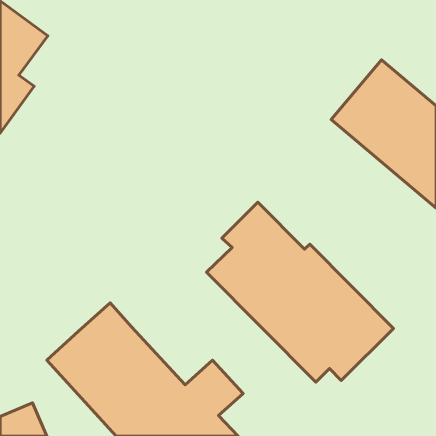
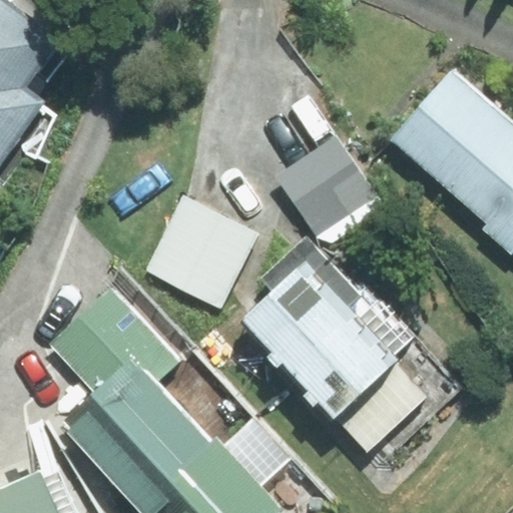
building: none -> [279,136,382,242]
building: none -> [149,199,255,306]
building: none -> [49,288,177,389]

